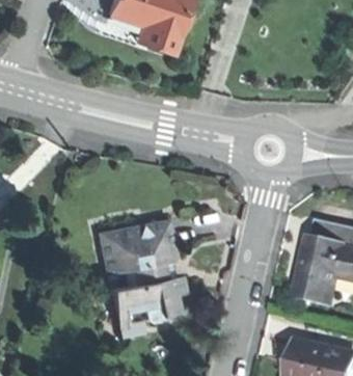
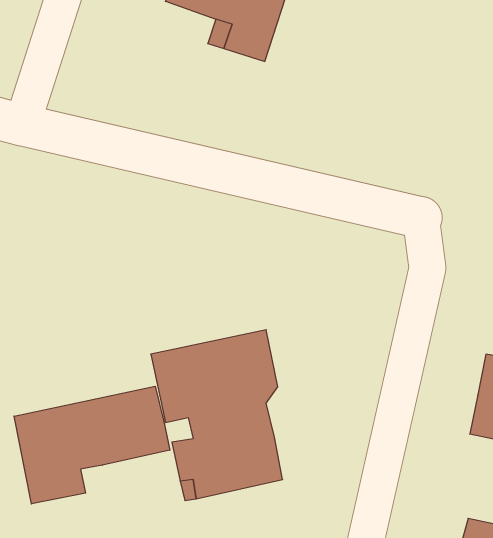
building: none -> [14,386,170,504]

